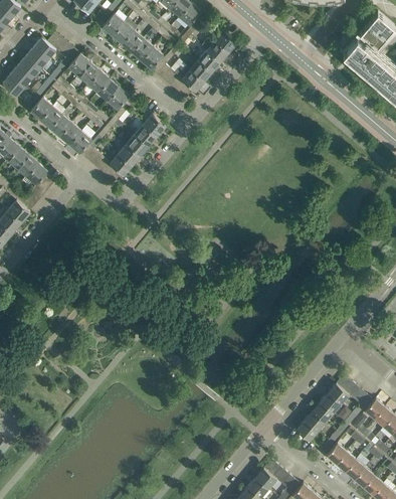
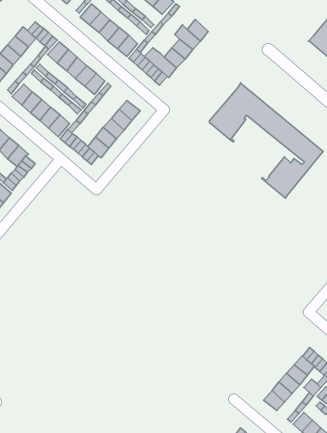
building: none -> [209,83,323,198]

